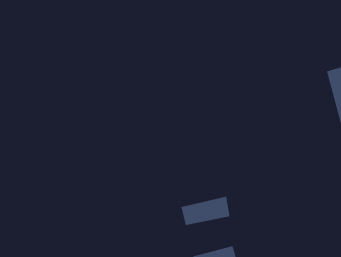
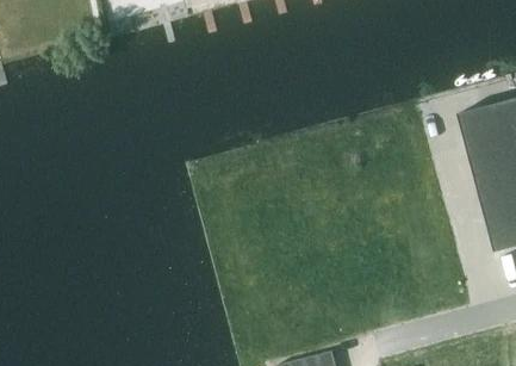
building: [181,196,230,226] -> none

